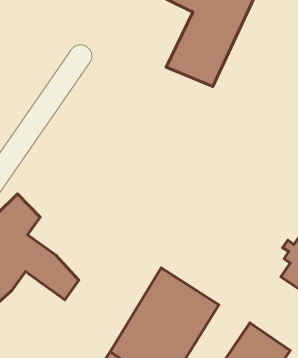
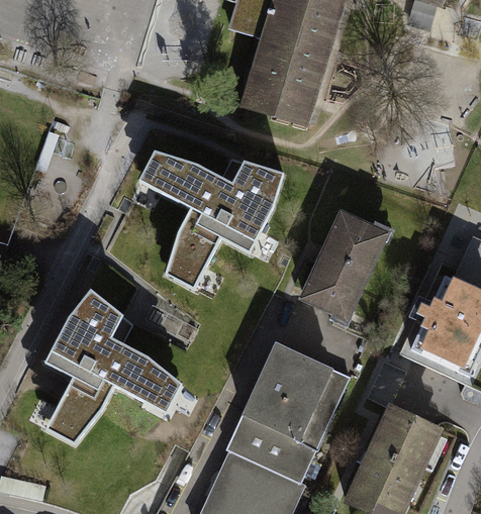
building: none -> [139,151,281,284]
building: none -> [295,209,388,323]

